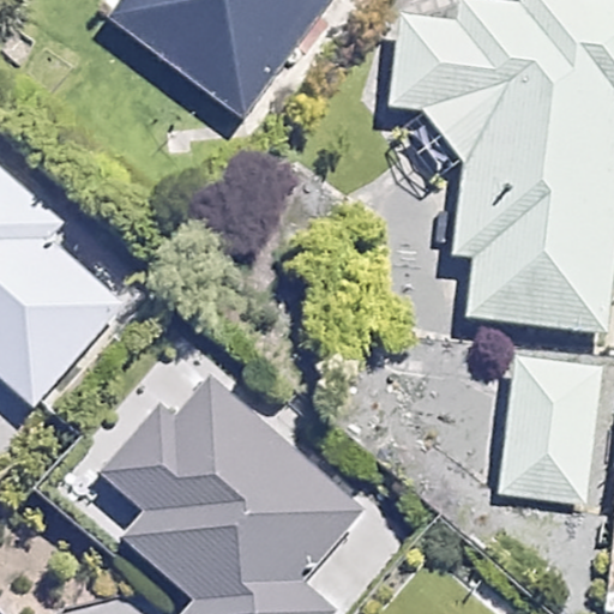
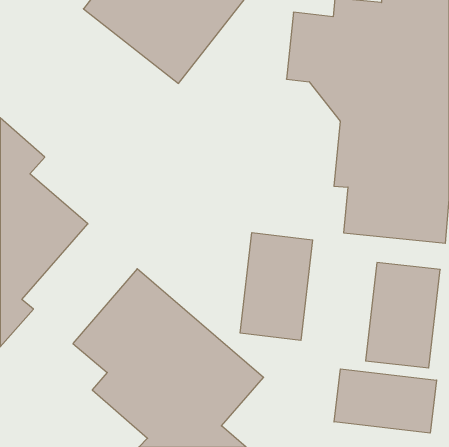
building: none -> [240,233,313,340]
building: none -> [334,369,437,433]

